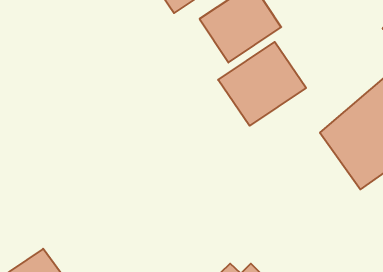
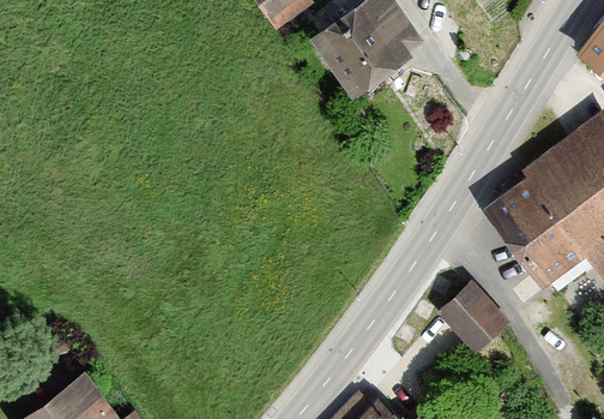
building: [218,42,306,126] -> none
building: none -> [436,281,508,354]

